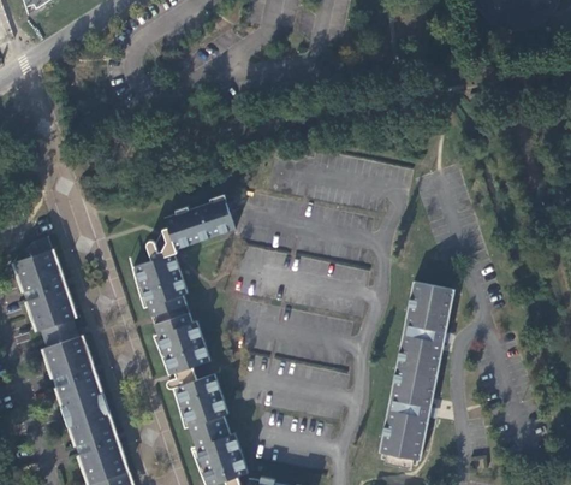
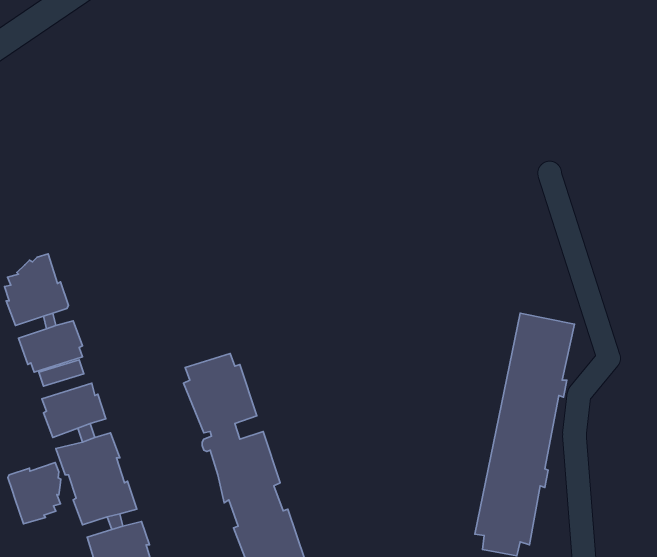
building: [132,196,234,315] -> none
building: none -> [8,462,61,524]

